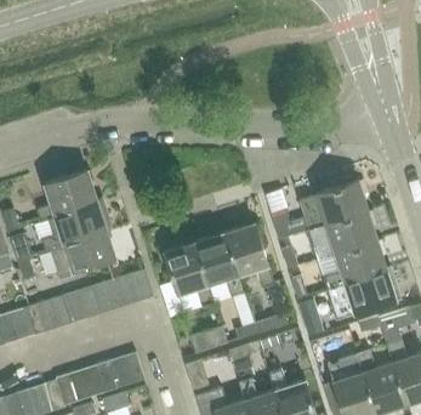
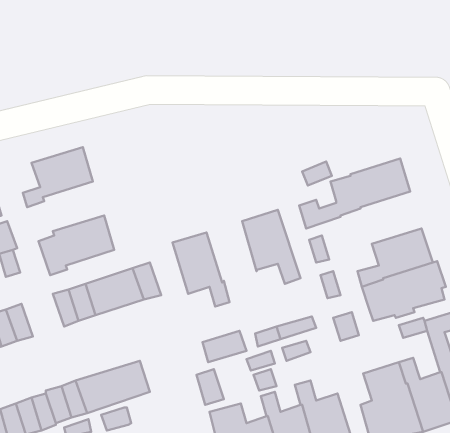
building: [33,199,106,251] -> none
building: [307,208,376,258] -> none
building: [193,233,243,296] -> none
building: [35,295,72,331] -> none

